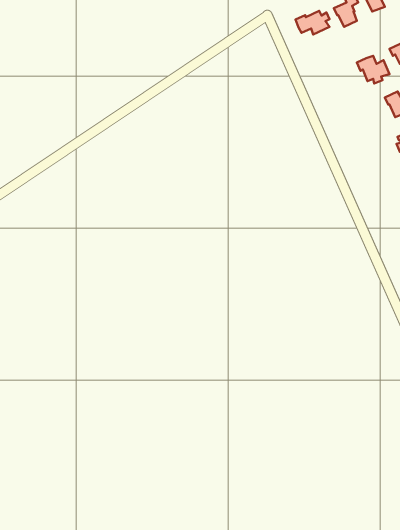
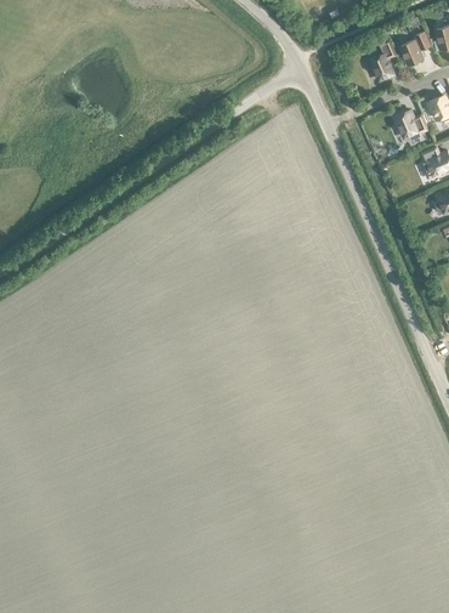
building: [295,11,330,34] -> none

